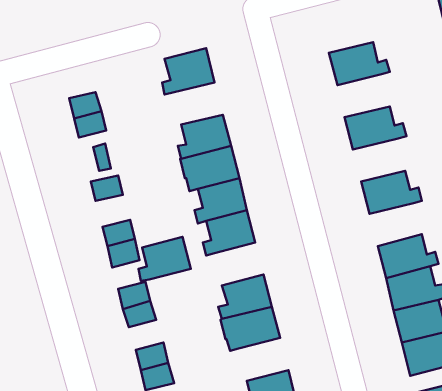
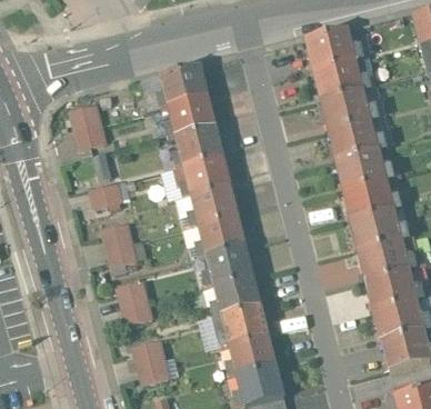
building: none -> [305,29,362,70]
building: none -> [321,90,378,130]
building: none -> [166,98,214,139]
building: none -> [335,150,392,190]
building: none -> [351,210,408,250]
building: [138,237,191,281] -> [203,247,252,288]
building: none -> [225,336,275,378]

